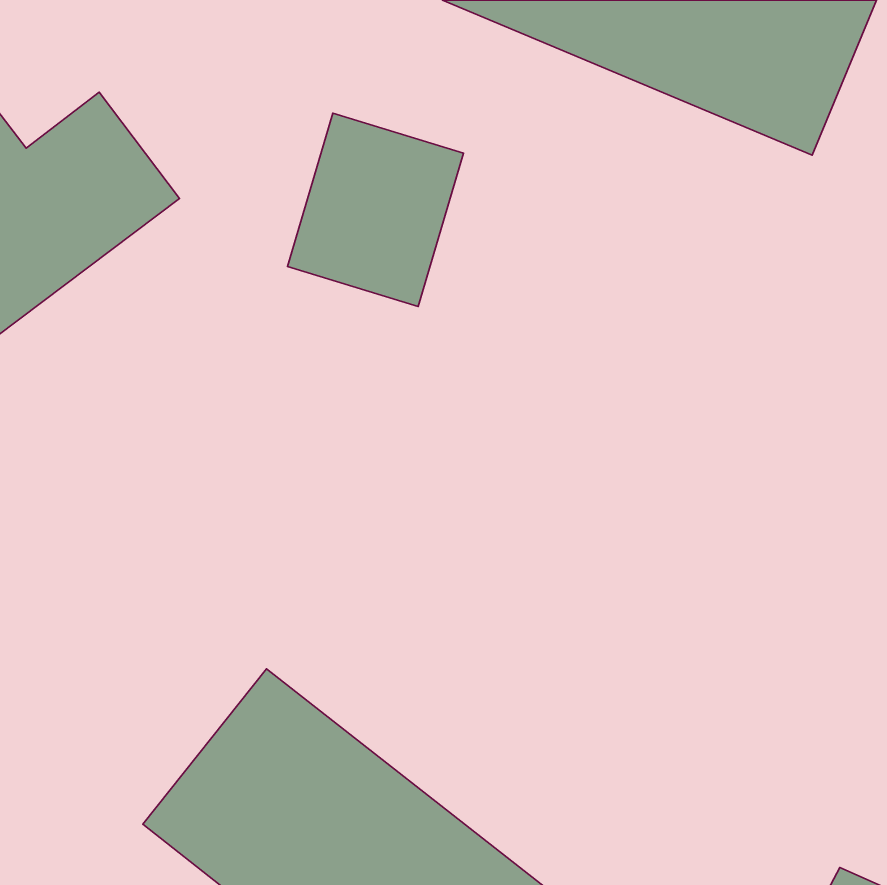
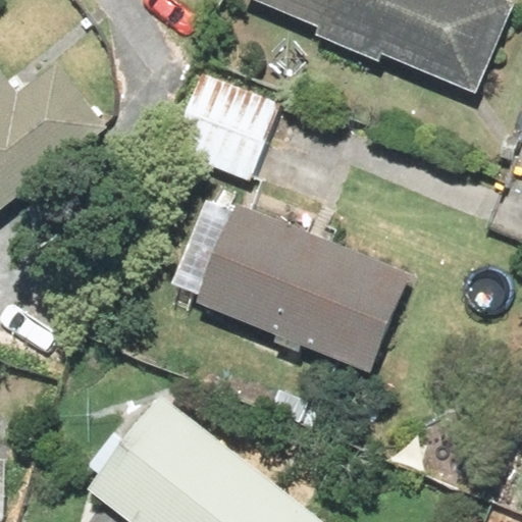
building: none -> [197,202,405,363]

